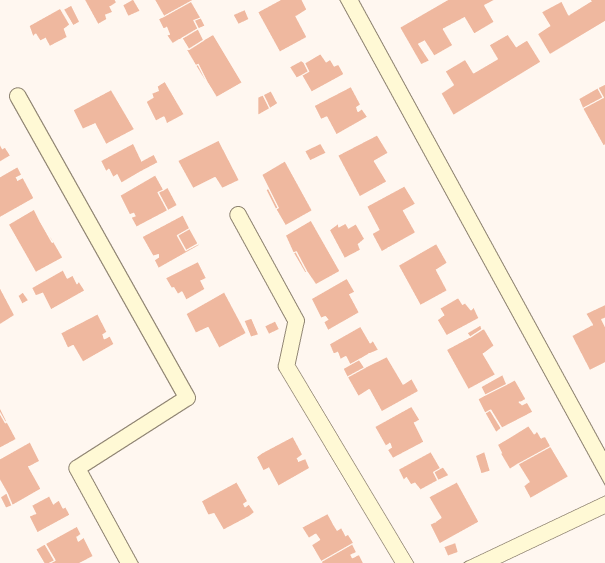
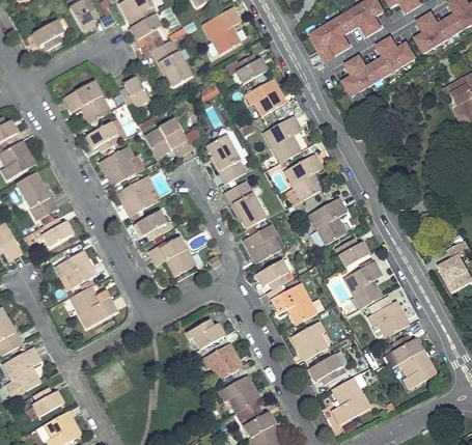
building: [329,223,365,258] -> none
building: none -> [70,285,116,327]
building: none -> [188,319,226,349]
building: [201,482,255,530] -> [220,374,260,411]

